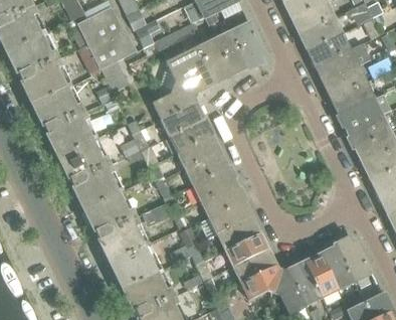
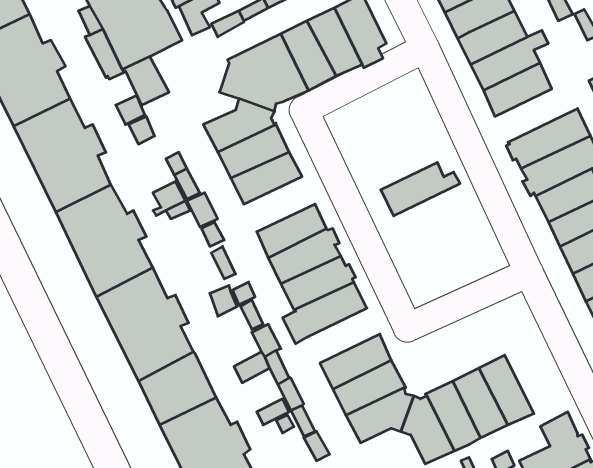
building: [332,81,381,114] -> [381,162,460,216]
building: [176,135,220,169] -> none
building: [215,216,260,251] -> none
building: [337,237,373,282] -> none

